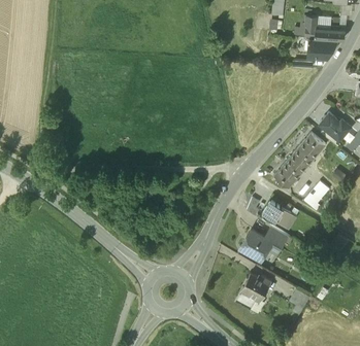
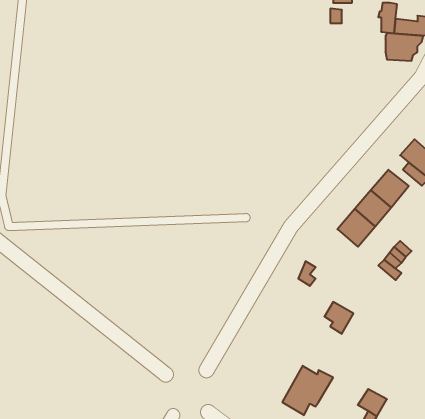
building: [264,202,293,229] -> none
building: [240,230,271,261] -> none

